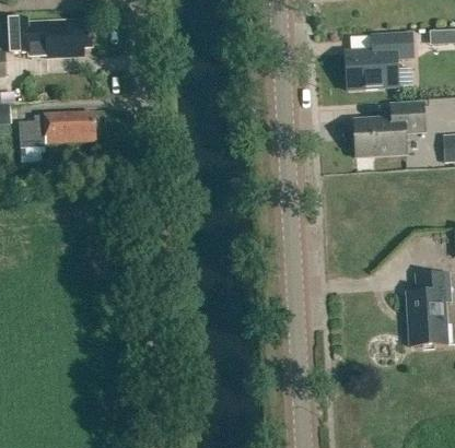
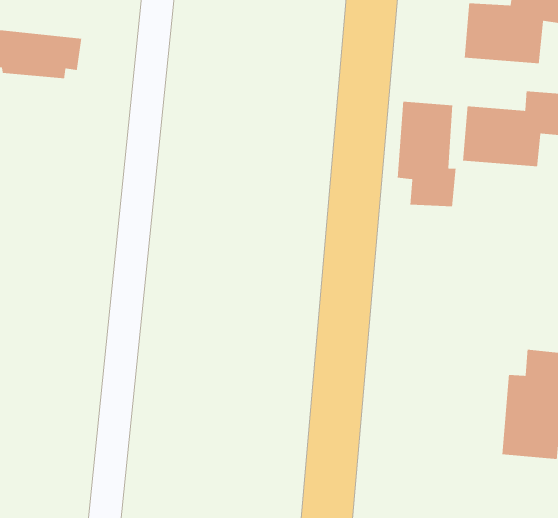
building: none -> [397,101,457,207]

